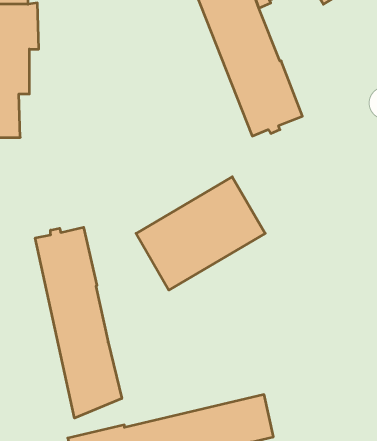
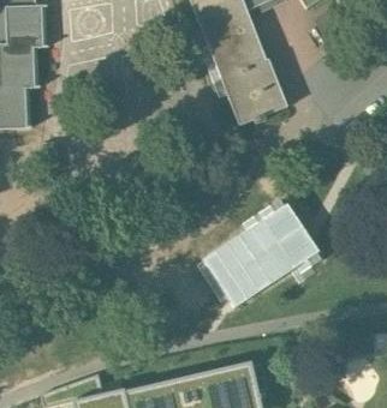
building: [136,177,265,290] -> [202,203,320,306]
building: [35,227,122,418] -> none

